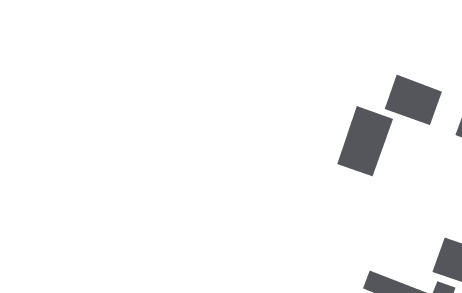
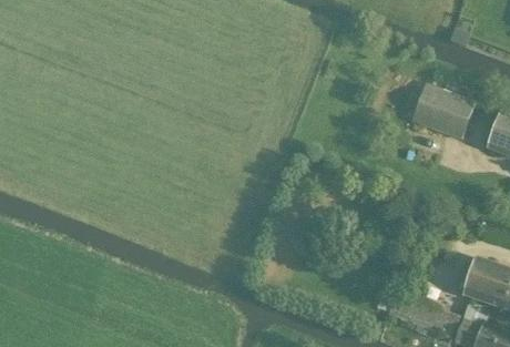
building: [336,105,394,177] -> none

